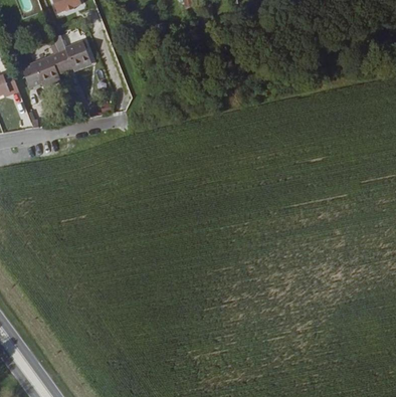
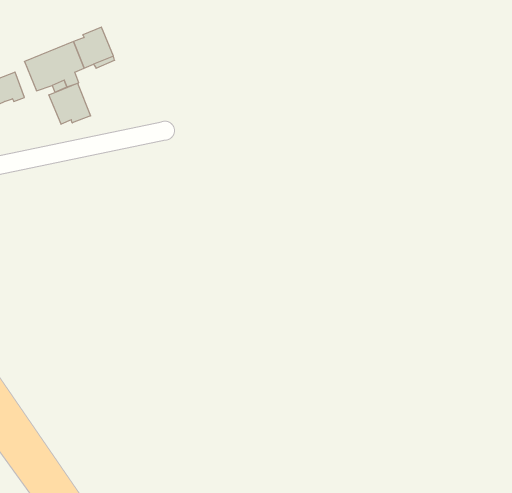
building: none -> [49,83,91,124]

